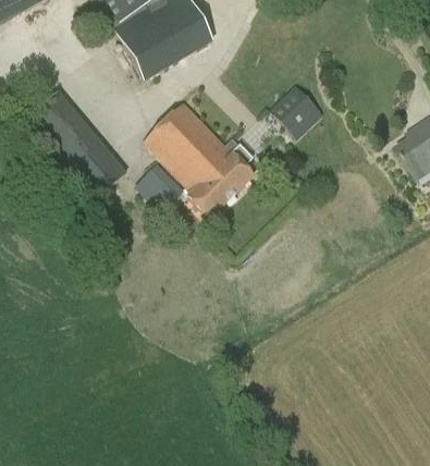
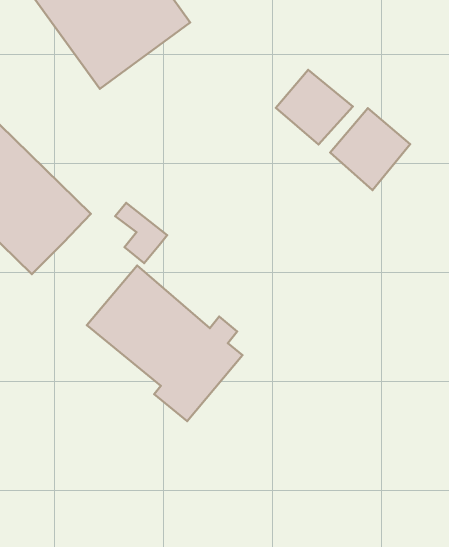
building: [143,101,253,217] -> [87,266,243,421]
building: none -> [330,108,410,190]

